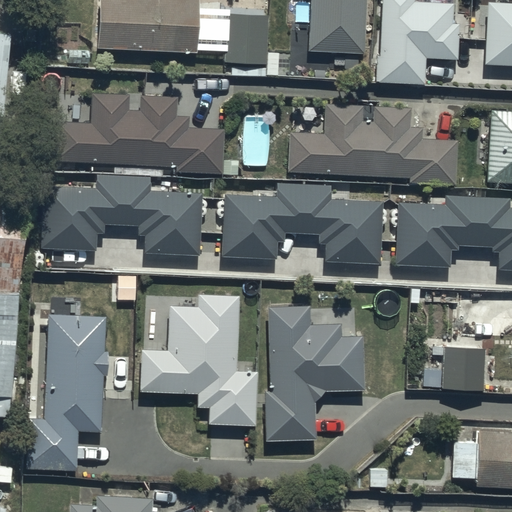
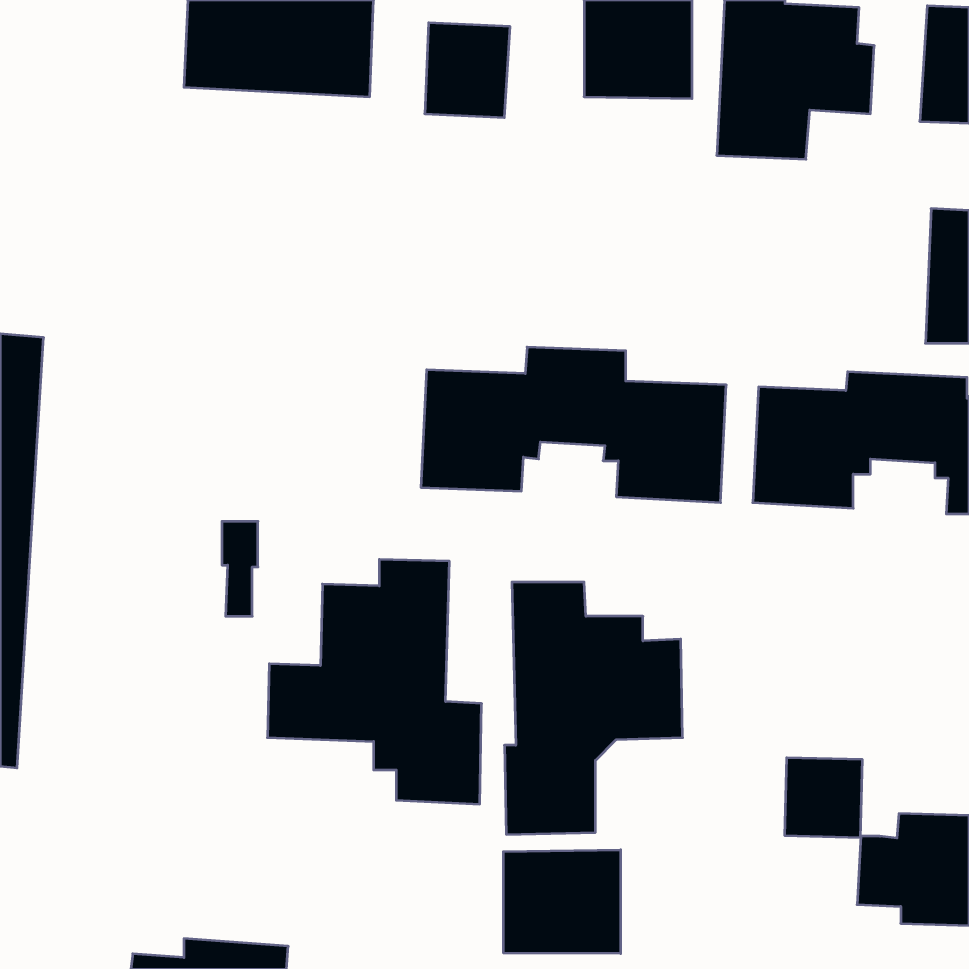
building: [52,92,224,172] -> none
building: [288,104,456,182] -> none
building: [43,174,203,257] -> none
building: [25,313,109,471] -> none
building: [442,346,483,388] -> [785,758,862,837]
building: none -> [503,850,621,954]

